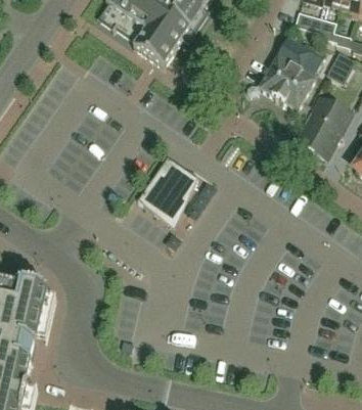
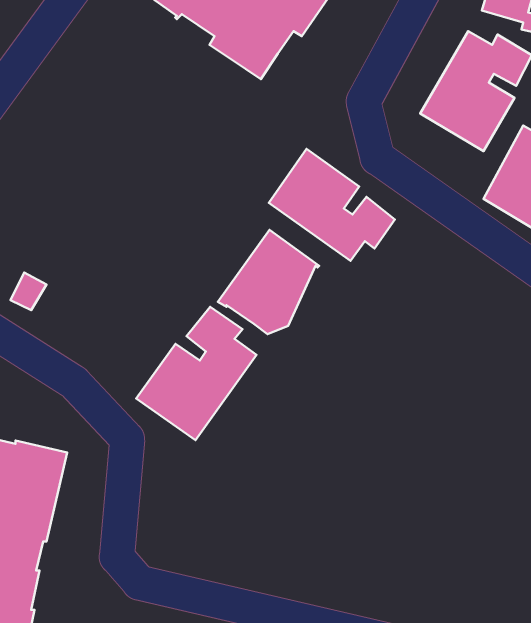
building: none -> [269,149,395,261]
building: none -> [136,307,256,440]

